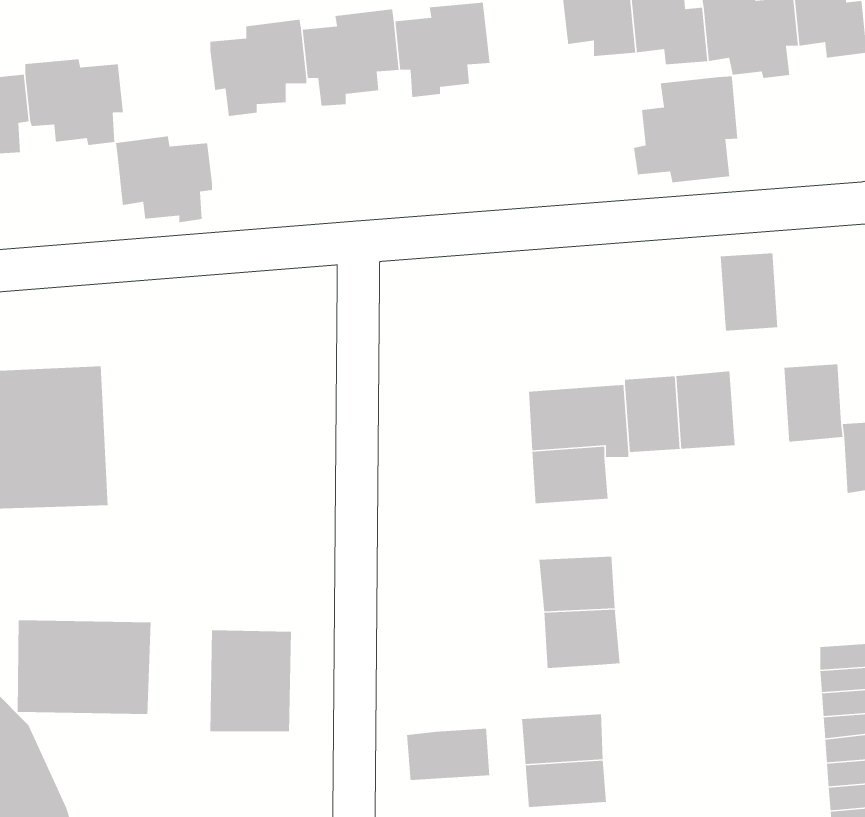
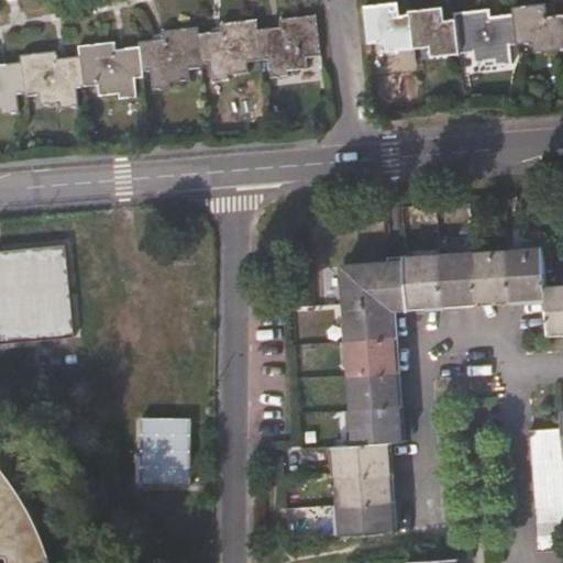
building: [633,76,738,183] -> none
building: [115,136,213,223] -> [78,43,141,99]
building: [720,253,778,331] -> [472,251,509,301]
building: none -> [346,335,396,374]
building: [17,619,151,715] -> none
building: [406,728,490,781] -> [335,442,389,476]

